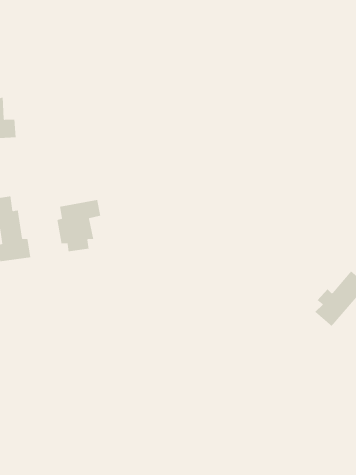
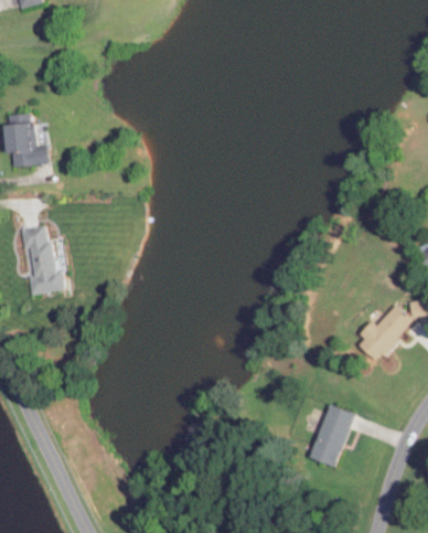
building: [57,199,101,252] -> none
building: none -> [310,405,355,467]

